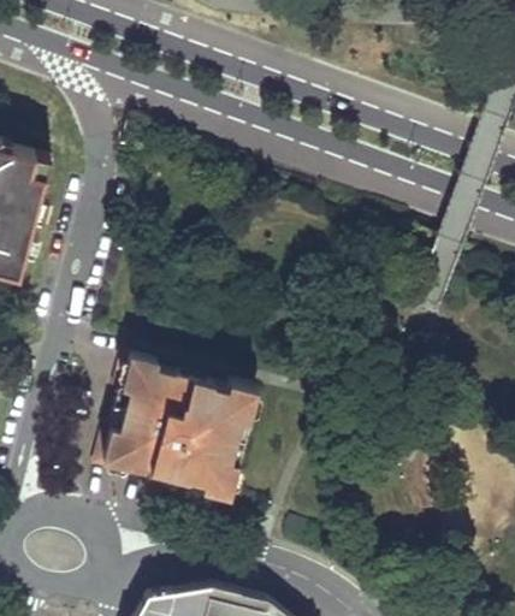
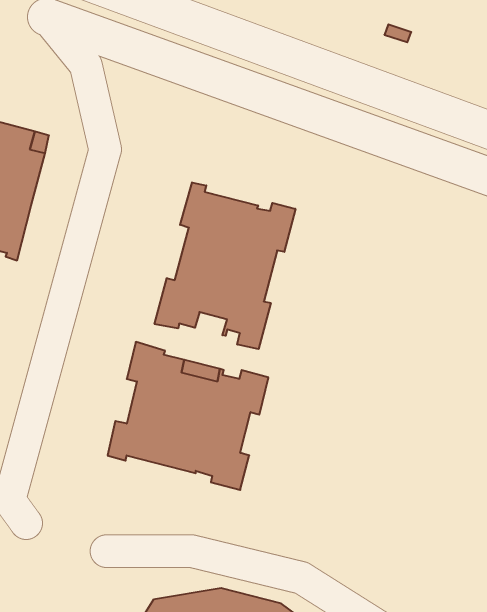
building: none -> [155,182,295,349]

